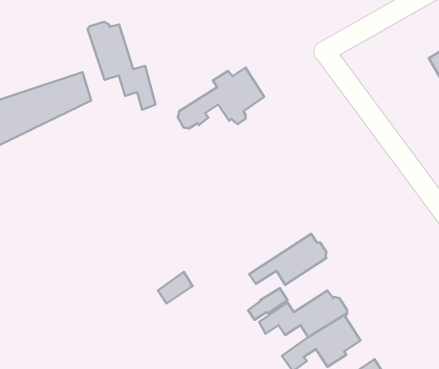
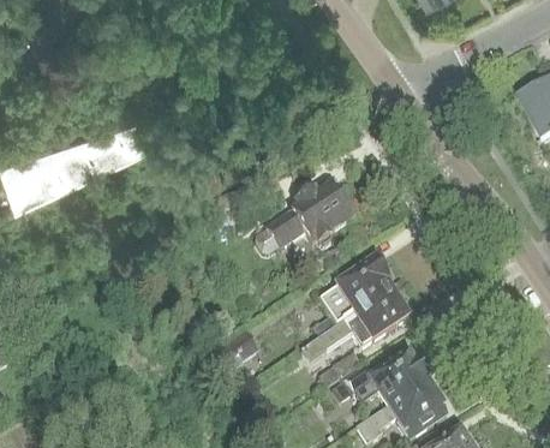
building: [88,22,156,110] -> none
building: [178,67,264,129] -> [257,184,352,251]
building: none -> [316,259,393,334]

